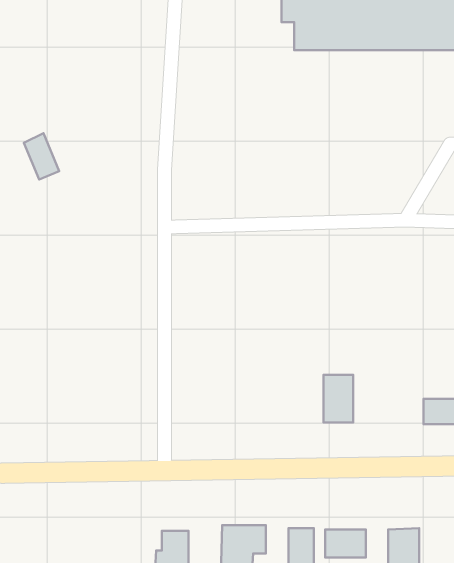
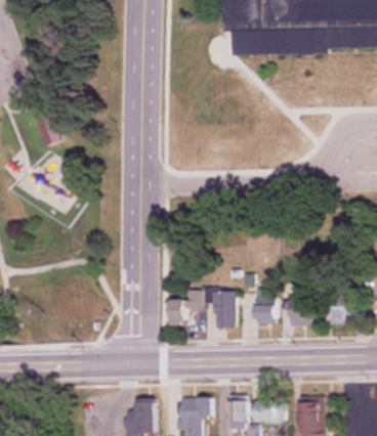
building: none -> [169,289,200,324]
building: none -> [212,290,234,326]
building: none -> [289,298,309,323]

